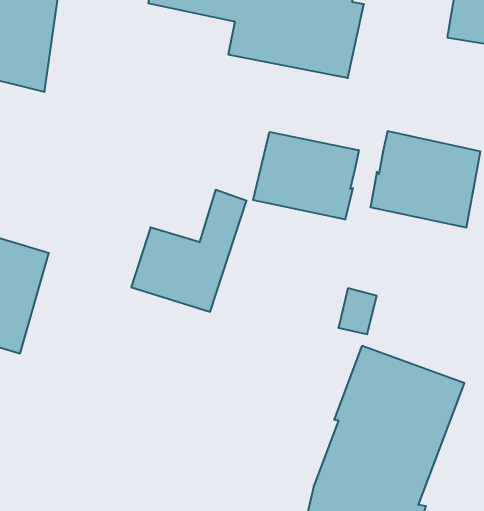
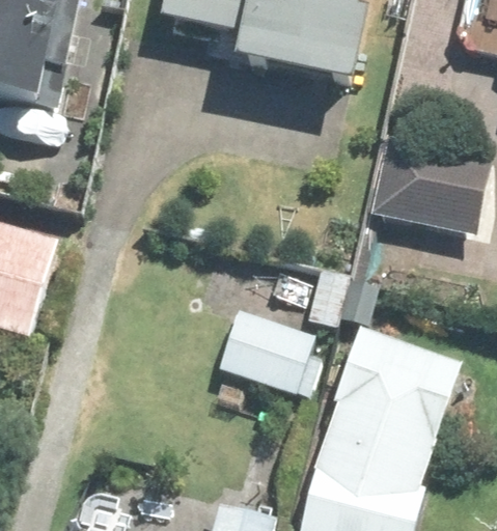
building: [253,132,359,220] -> none
building: [131,190,247,312] -> [219,280,331,398]

